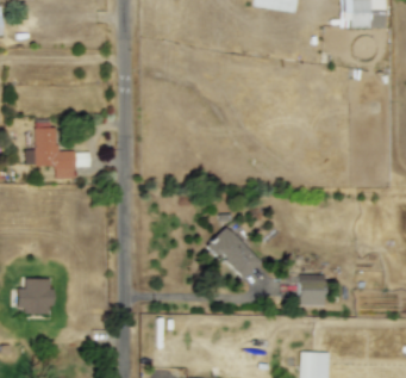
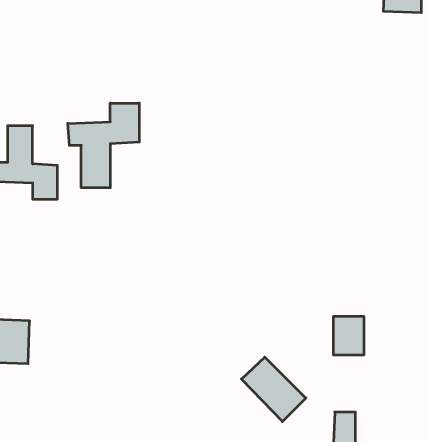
building: none -> [68,103,139,188]
building: [208,228,261,280] -> [241,357,306,422]

